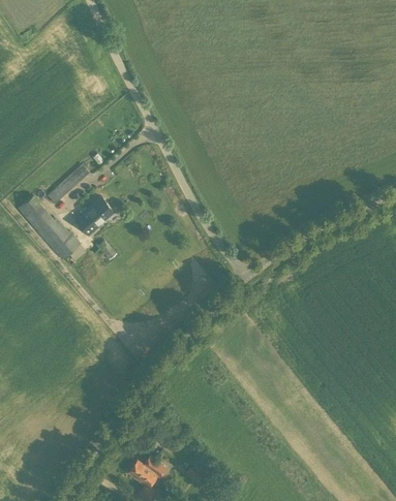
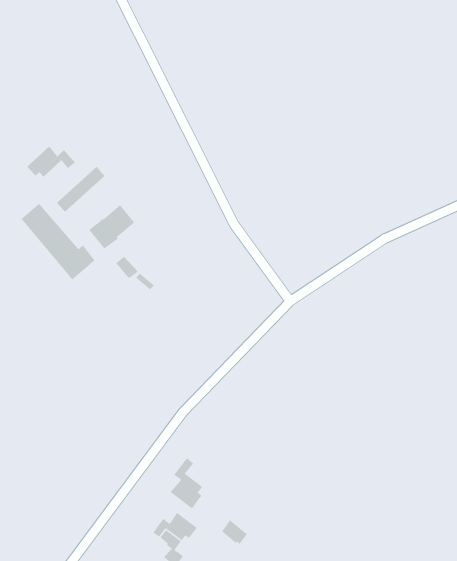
building: none -> [26,145,76,177]
building: none -> [169,457,203,510]

